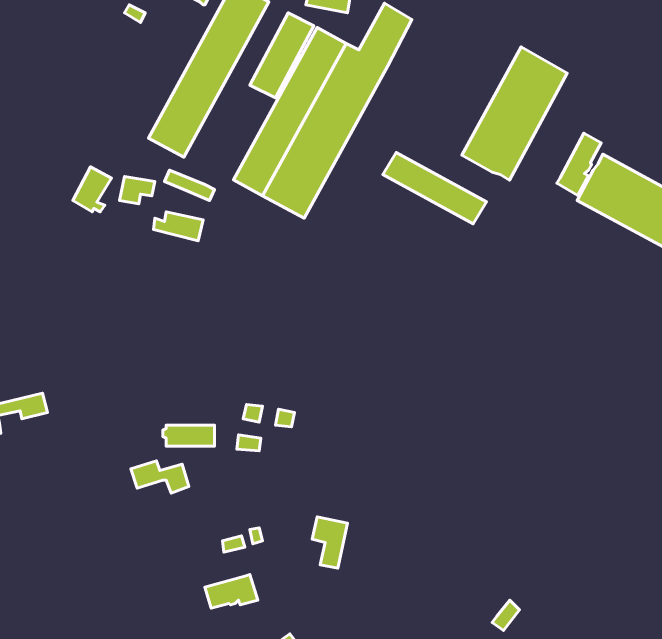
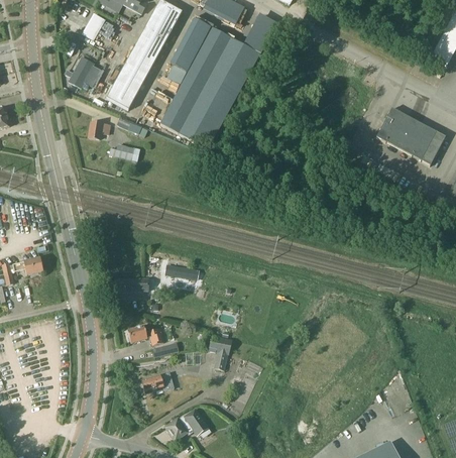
building: [462,47,567,180] -> none
building: [557,133,601,196] -> none
building: [383,152,486,224] -> none
building: [73,167,111,212] -> [70,60,94,88]
building: [131,461,189,493] -> [128,325,164,345]

